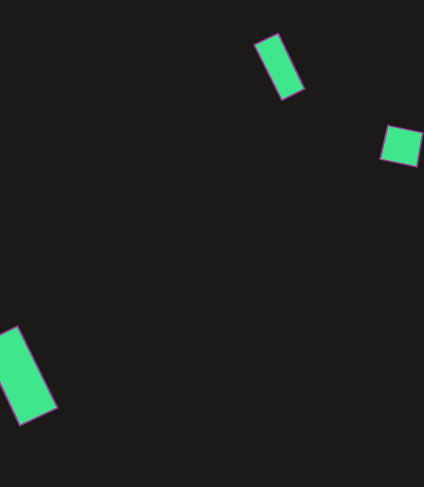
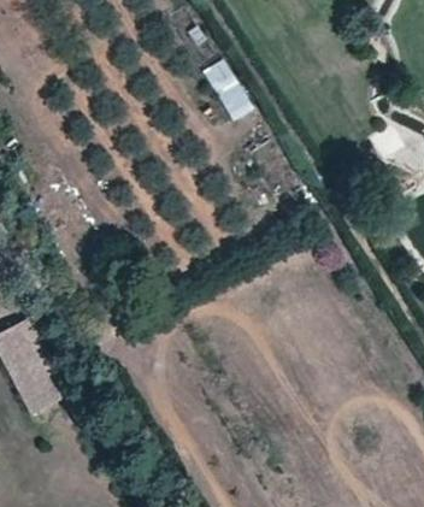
building: [254,34,304,100] -> [202,54,251,118]

